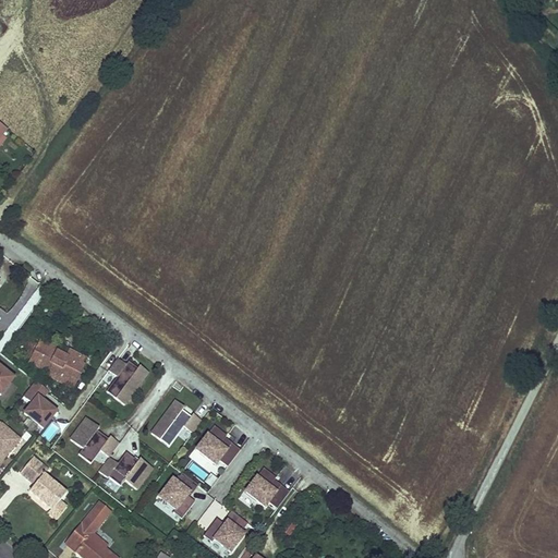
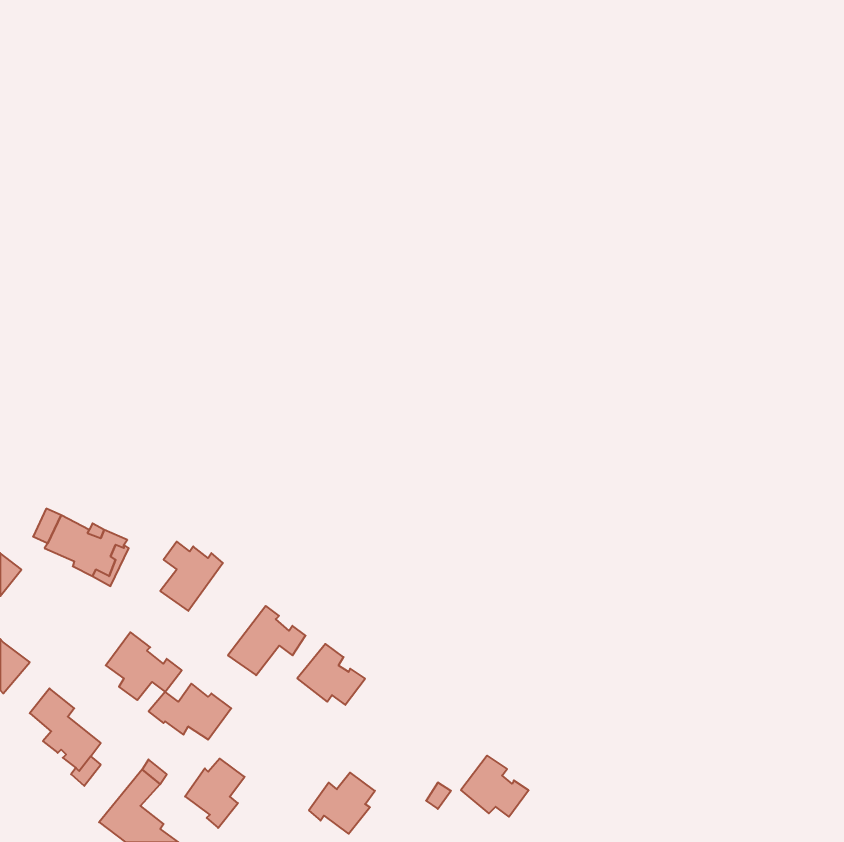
building: [23,379,57,427] -> none
building: [246,466,291,507] -> [461,756,529,817]
building: [159,472,198,518] -> [185,759,245,828]

